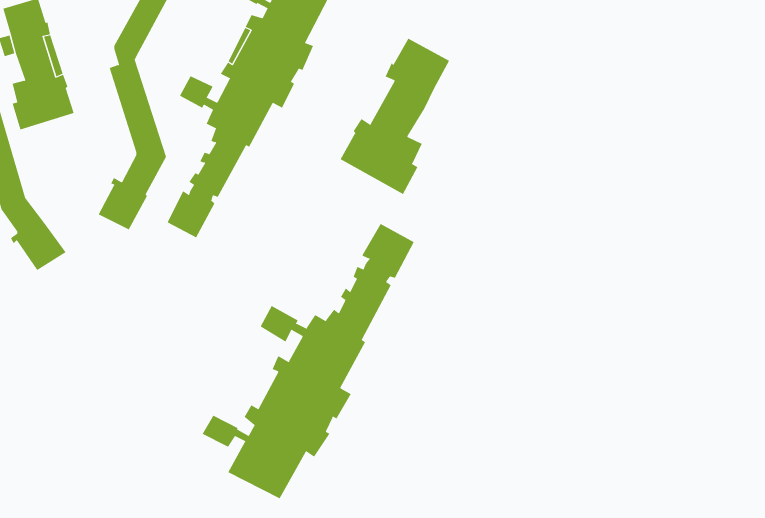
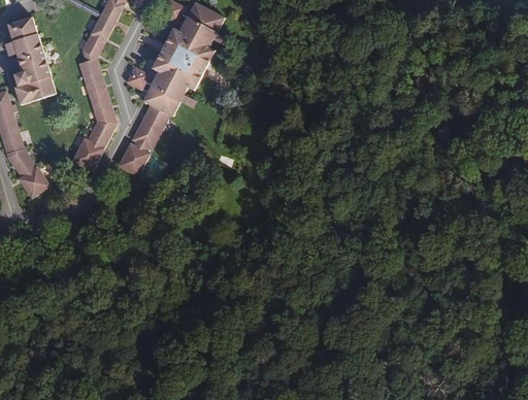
building: [340,38,450,195] -> none
building: [202,223,415,499] -> none

